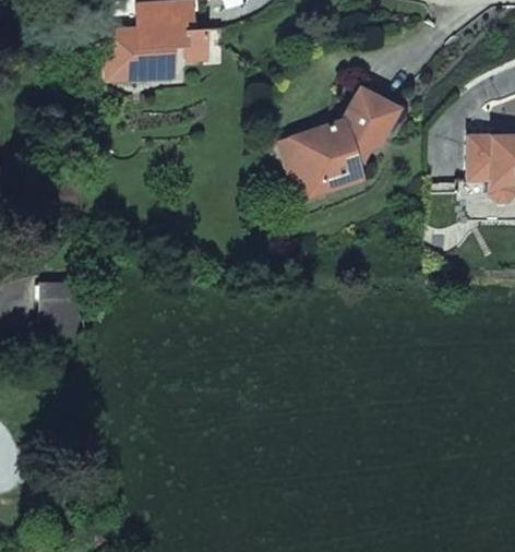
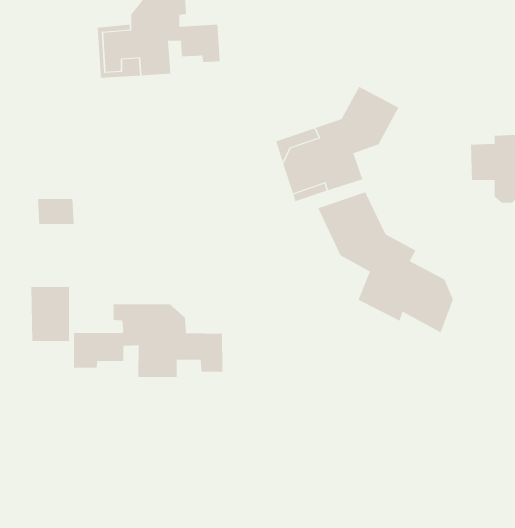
building: none -> [317,191,454,333]
building: none -> [74,304,223,378]

